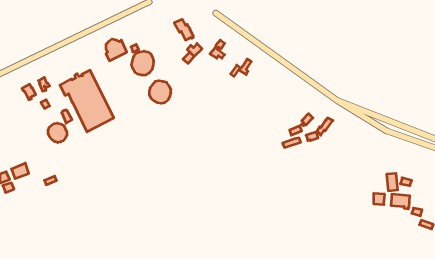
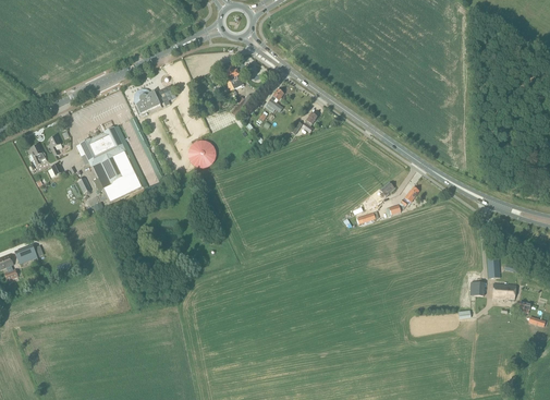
building: [131,51,153,75] -> none
building: [48,123,67,143] -> none

